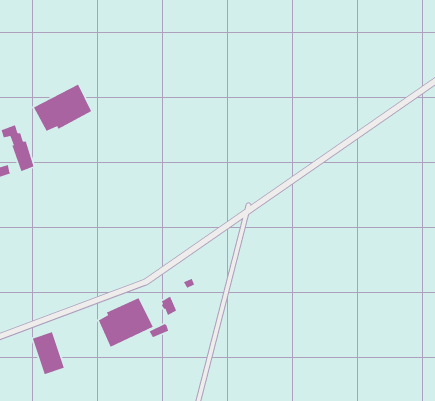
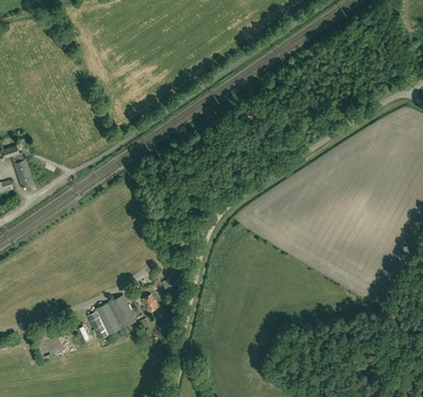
building: [33,83,92,132] -> none

